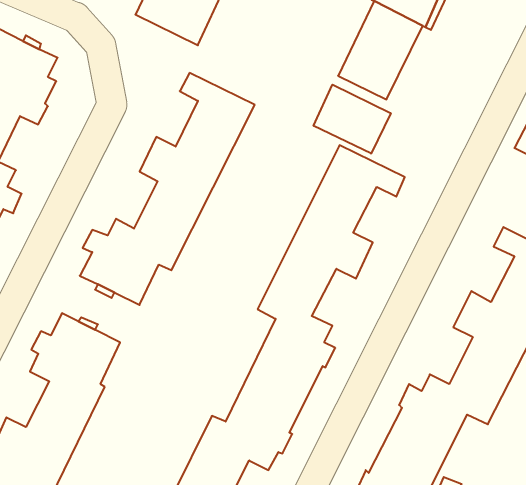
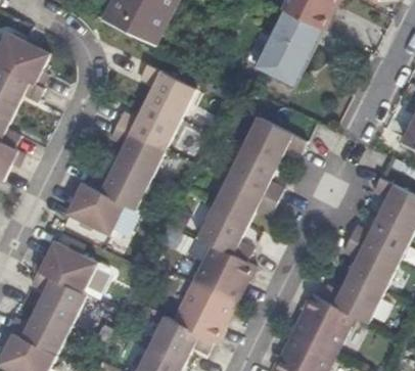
building: [314,85,391,154] -> none

